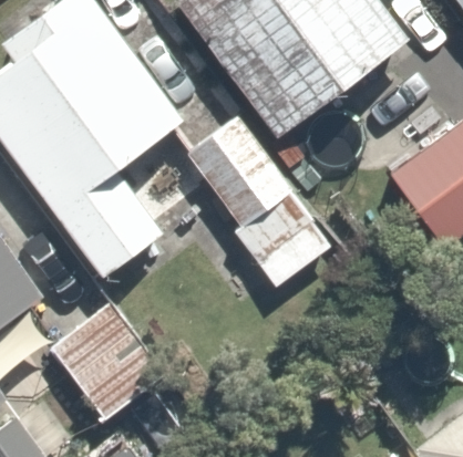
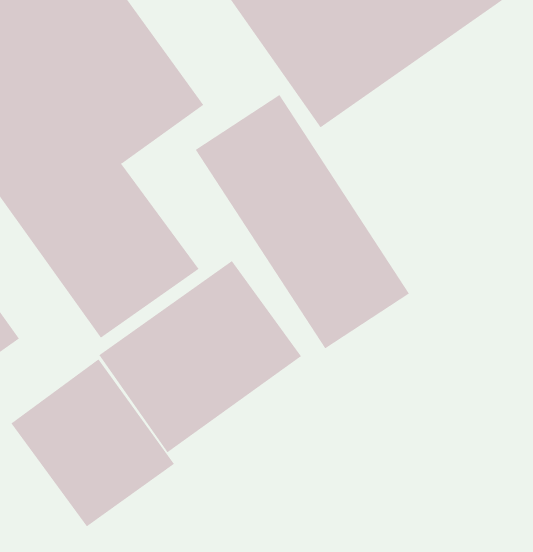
building: none -> [98,260,302,453]

